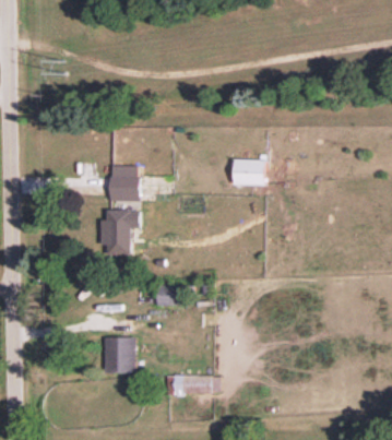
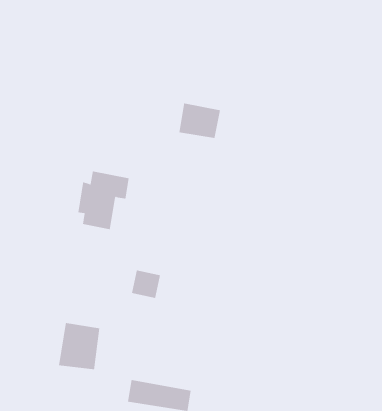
building: [233,158,264,183] -> [179,103,221,138]
building: [109,176,139,200] -> none

